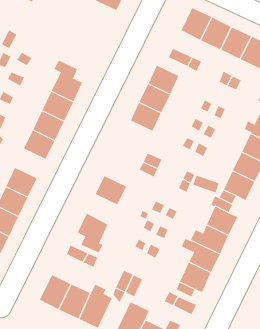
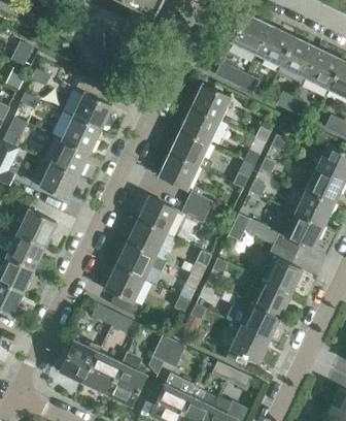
building: none -> [159,152,198,189]
building: none -> [138,196,176,232]
building: none -> [116,241,154,279]

